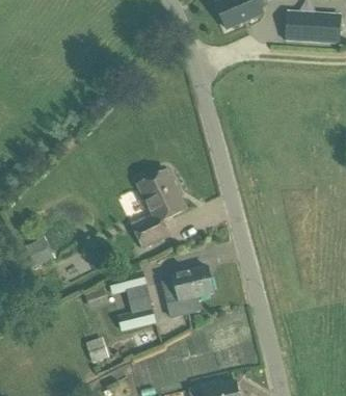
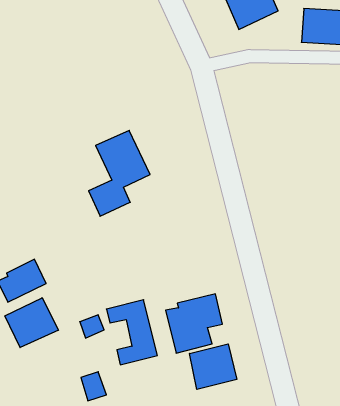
building: [132,170,187,247] -> [89,130,150,216]
building: none -> [5,298,58,348]
building: none -> [190,344,237,389]

